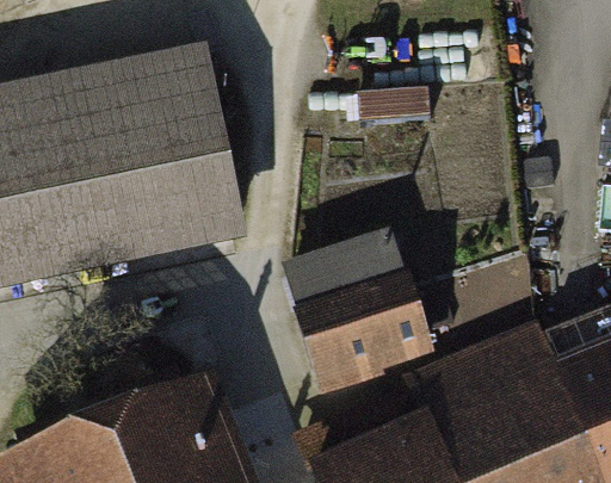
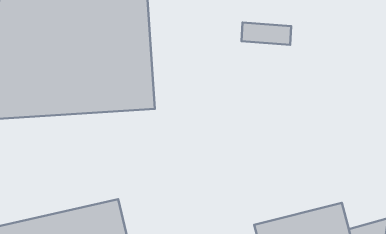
building: [283,230,432,389] -> none

